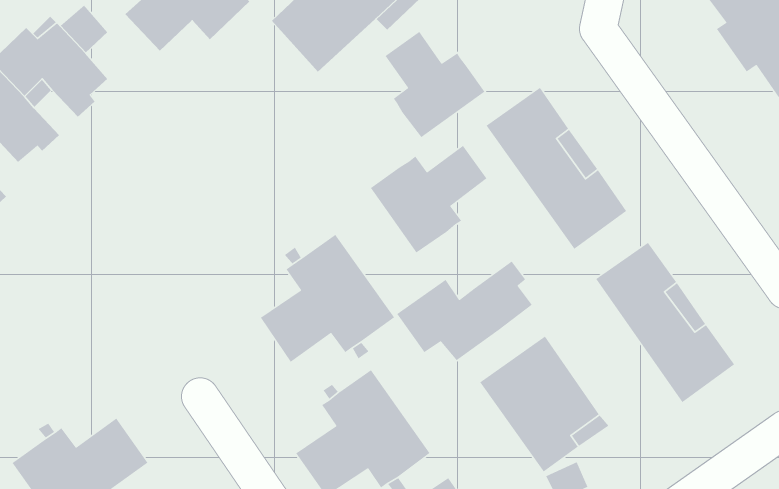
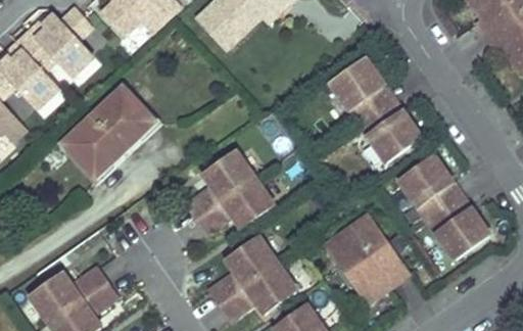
building: [385,31,486,138] -> none
building: none -> [61,86,154,179]
building: [370,145,487,253] -> none
building: [396,261,533,361] -> none

